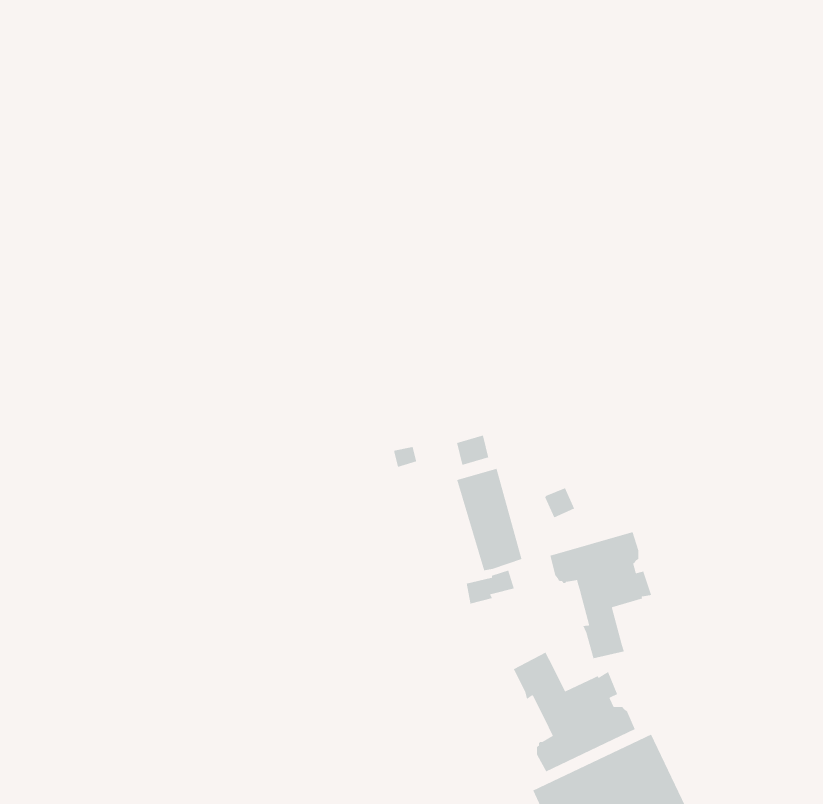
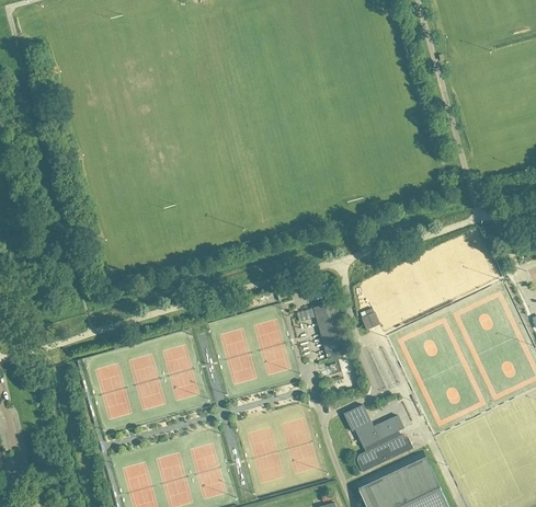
building: [550,531,652,659] -> none

